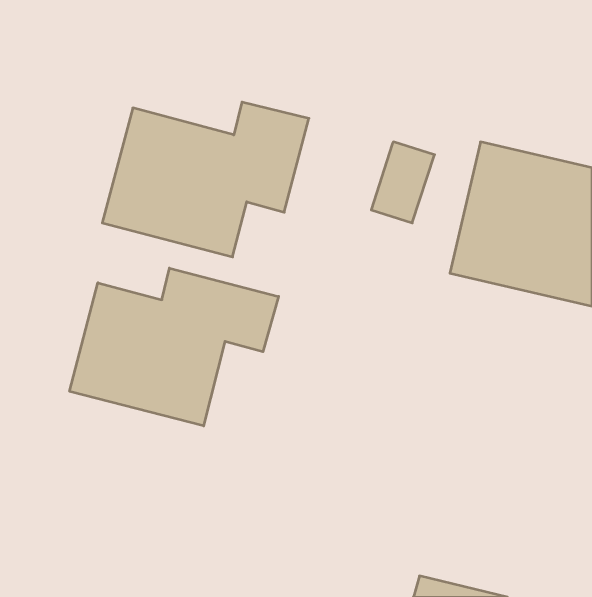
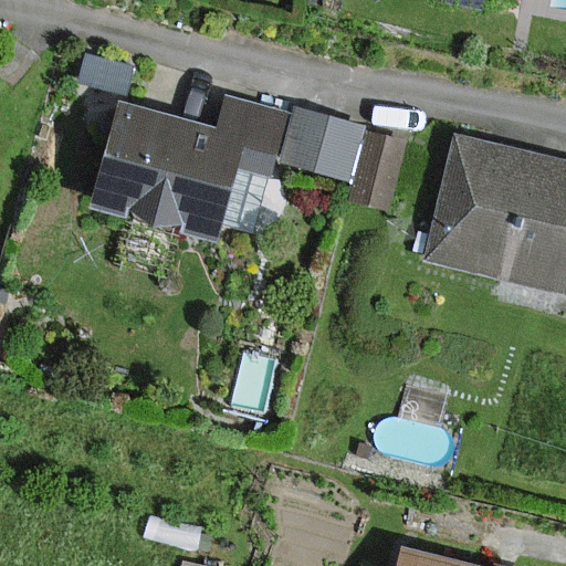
building: none -> [280,109,366,182]
building: [70,268,279,426] -> none

